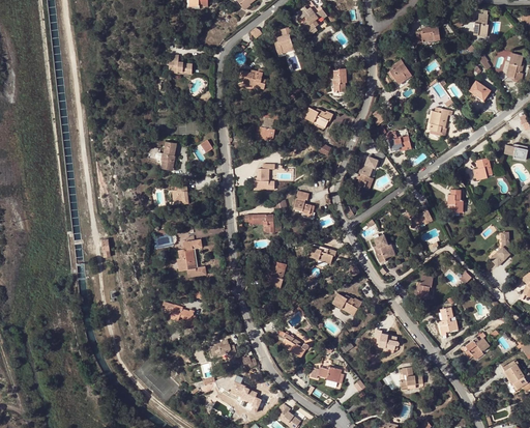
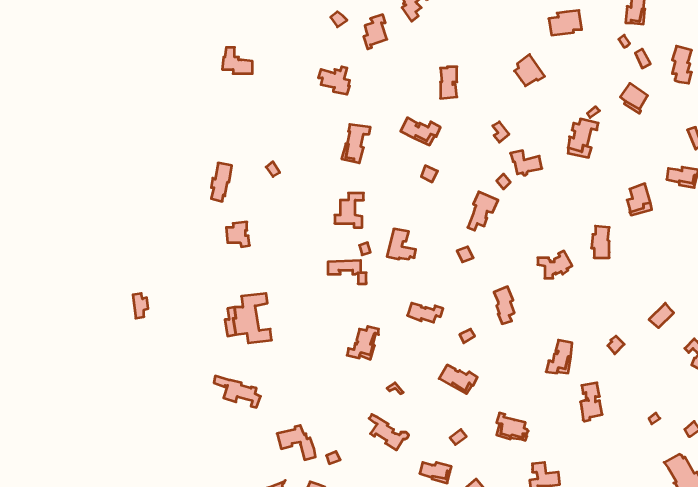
building: [462,333,490,360] -> none

